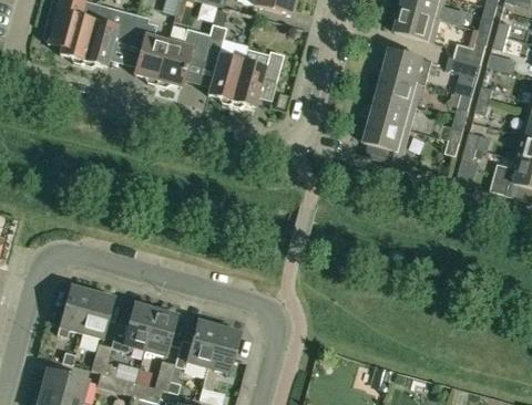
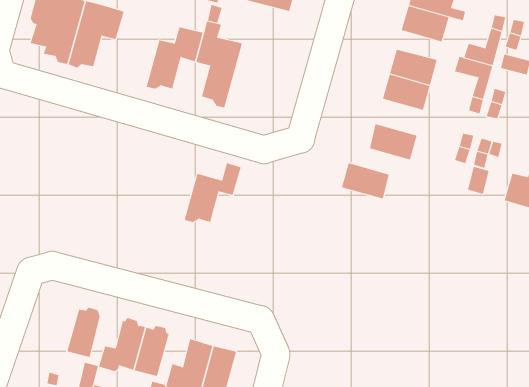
building: [127,13,167,84] -> none
building: [229,50,284,106] -> [184,162,242,223]
building: [370,95,416,129] -> [341,163,389,199]
building: [57,283,92,336] -> none

